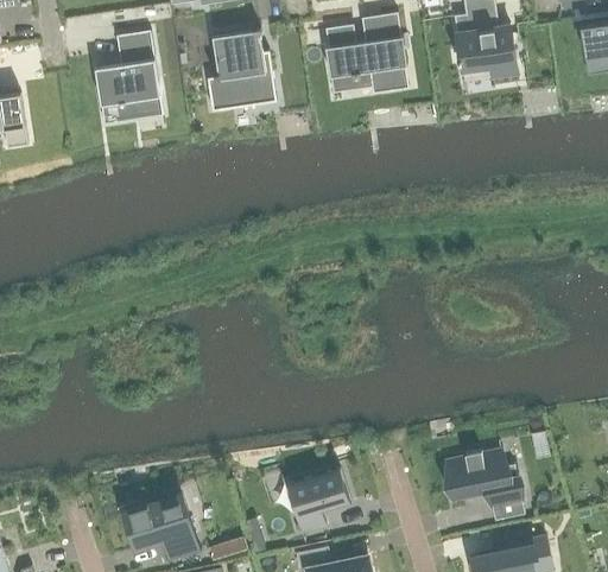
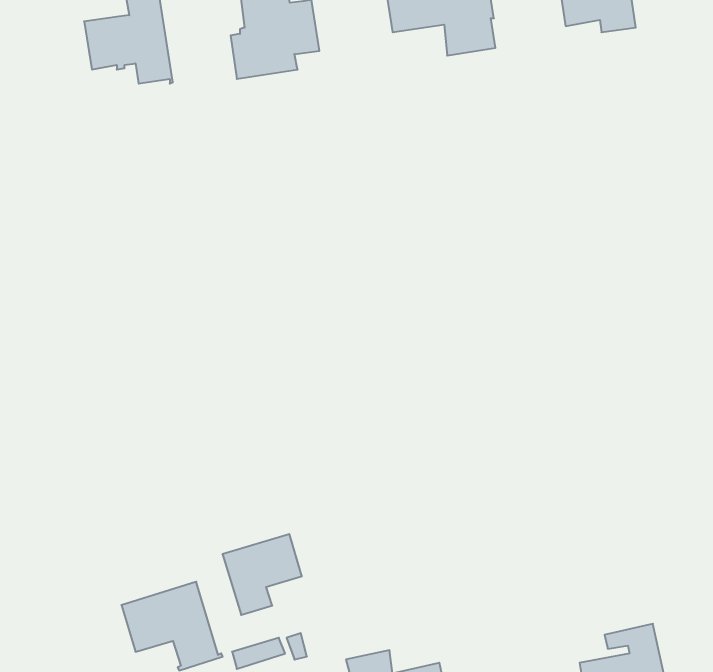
building: [446,451,524,521] -> none
building: [289,470,349,532] -> [222,534,302,615]

